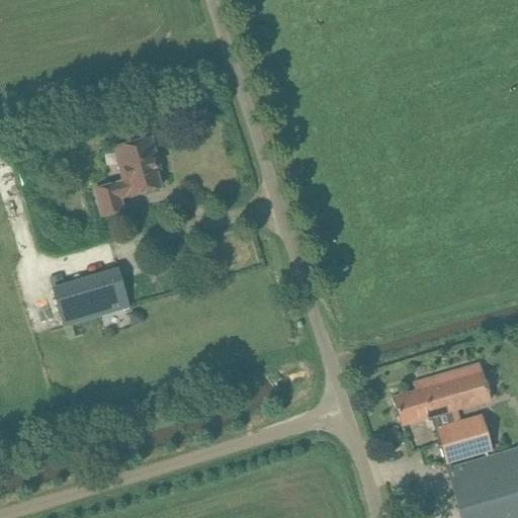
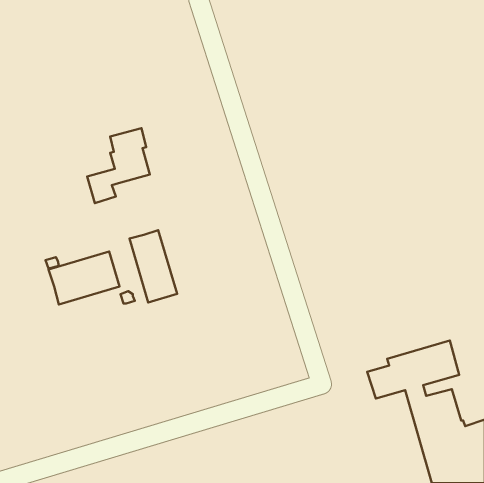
building: none -> [129,230,177,303]

